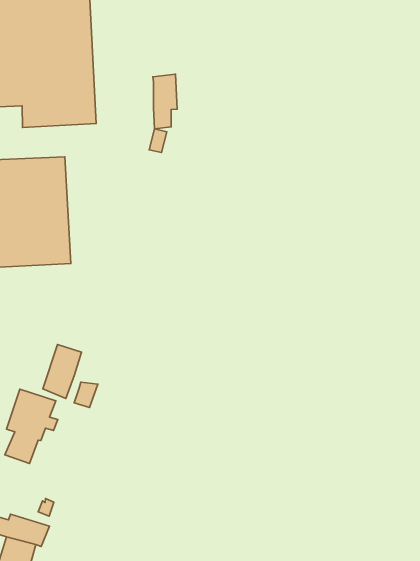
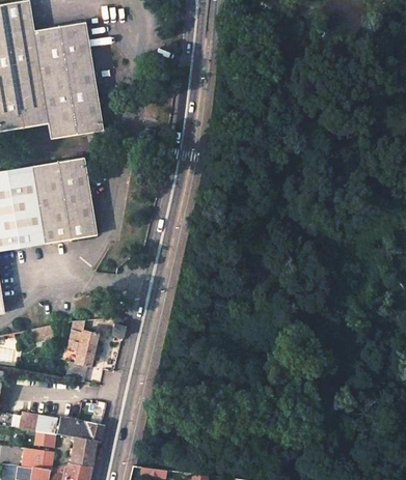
building: [153,74,177,129] -> none
building: [43,344,81,398] -> none

